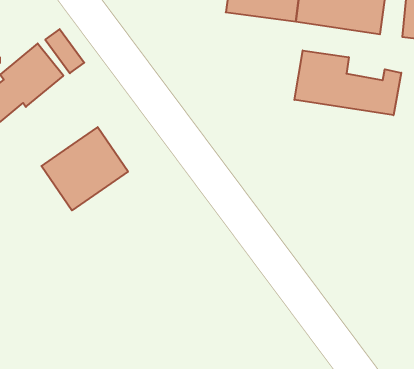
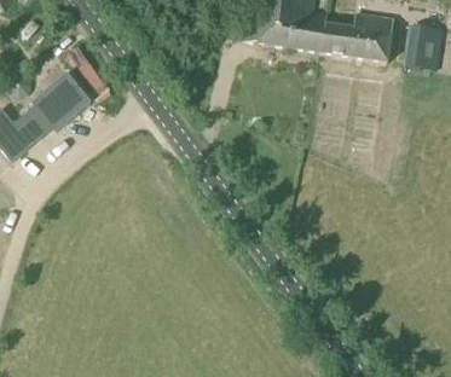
building: [294,50,401,115] -> none
building: [41,127,128,210] -> none

